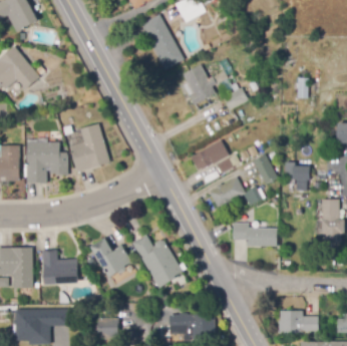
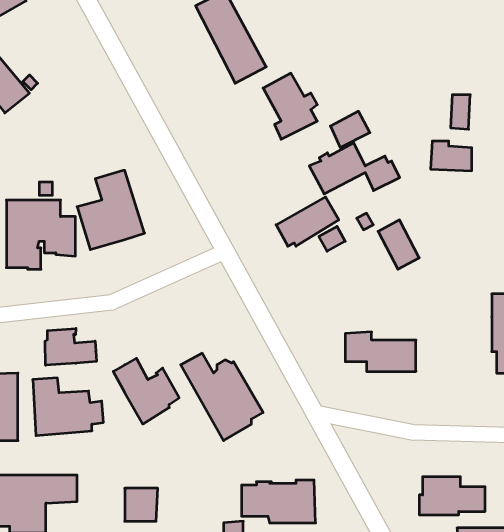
building: [284,161,309,180] -> [431,141,472,171]
building: [210,177,265,208] -> [309,143,400,194]
building: none -> [45,328,96,365]

